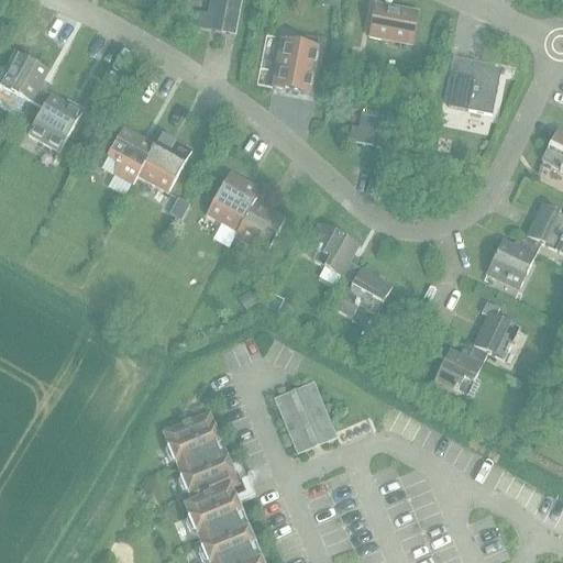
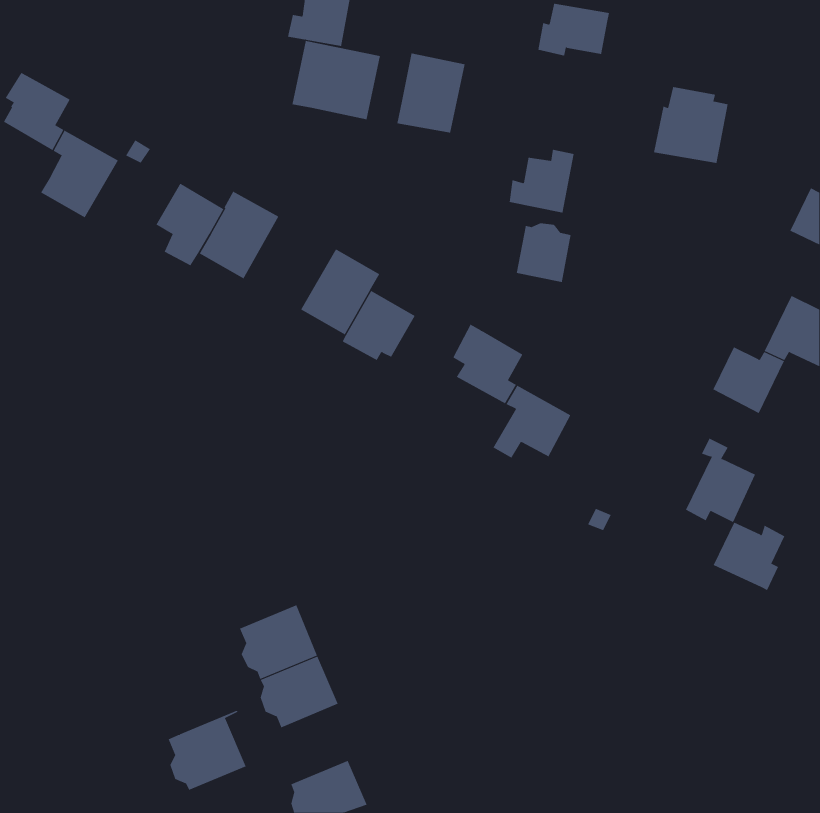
building: none -> [292,40,380,120]
building: none -> [516,223,571,283]
building: [434,347,484,395] -> [713,522,785,591]
building: [274,379,336,452] -> none
building: [185,483,239,538] -> [168,710,247,790]

